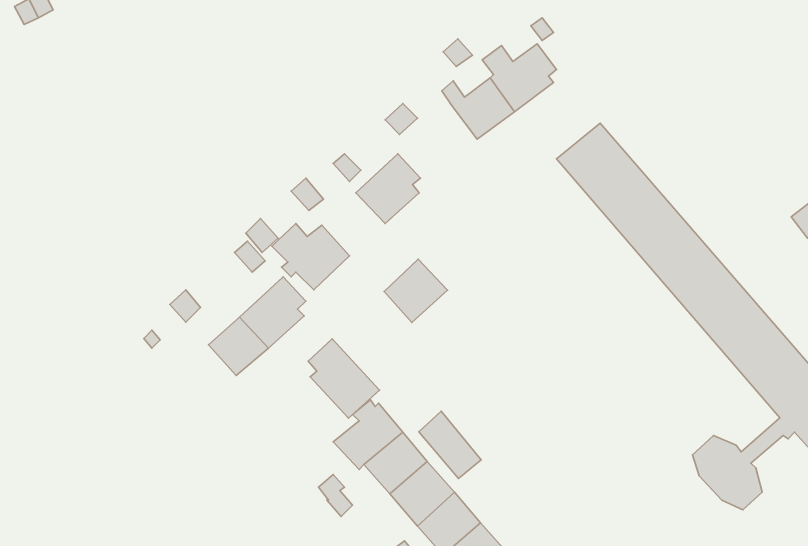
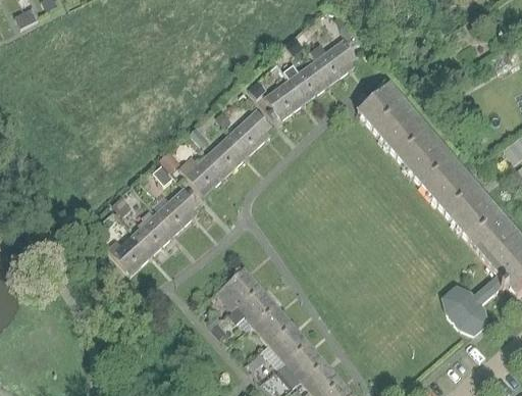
building: none -> [265,79,307,118]
building: [384,259,447,322] -> [209,134,249,174]
building: [308,339,380,418] -> none
building: none -> [108,230,155,271]
building: [419,411,481,479] -> none

